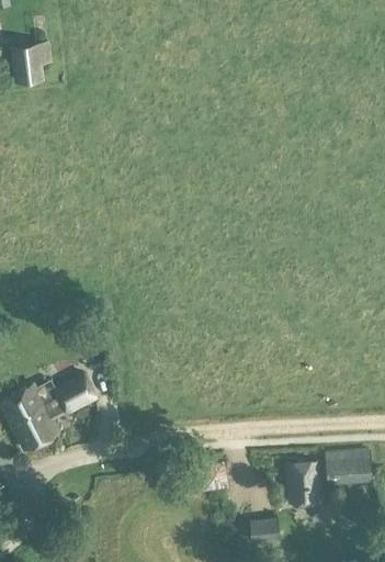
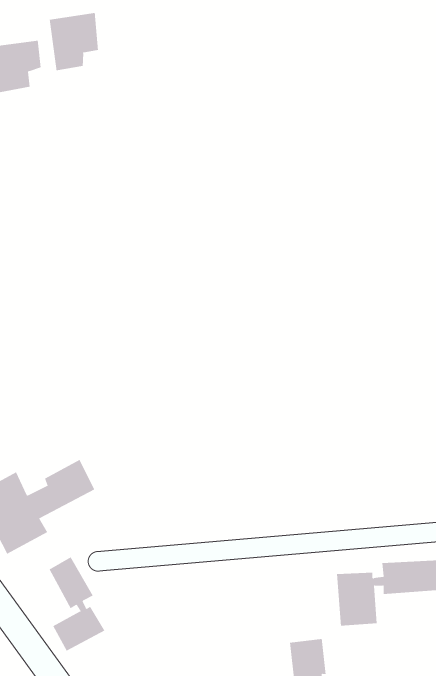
building: none -> [49,12,99,71]
building: none -> [49,557,105,651]

